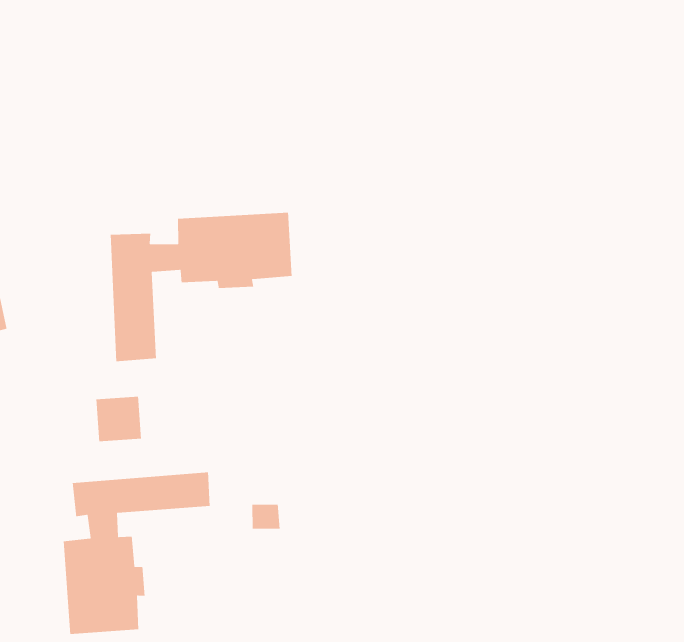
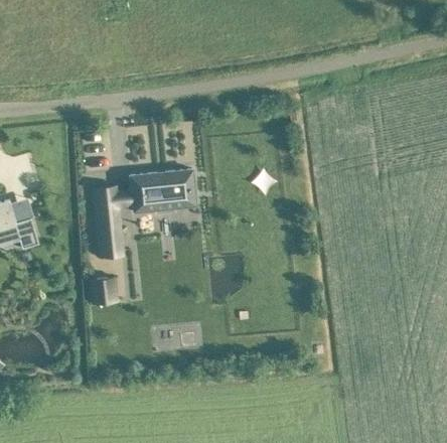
building: [63,471,211,635] -> none

